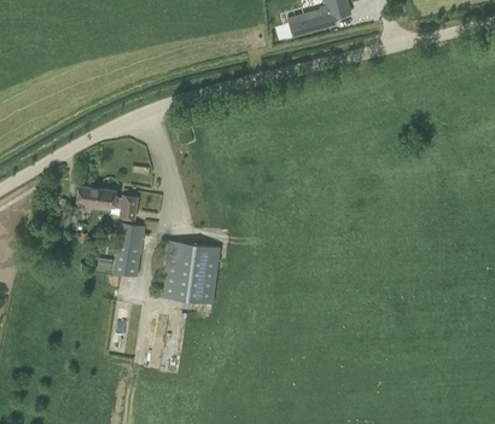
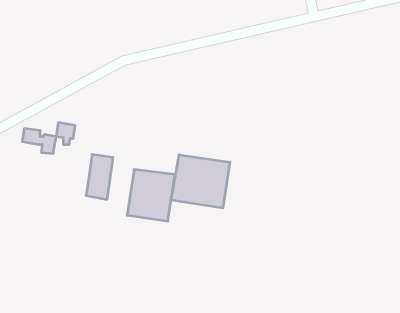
building: [97,187,138,217] -> [22,129,56,153]
building: none -> [171,155,230,208]

